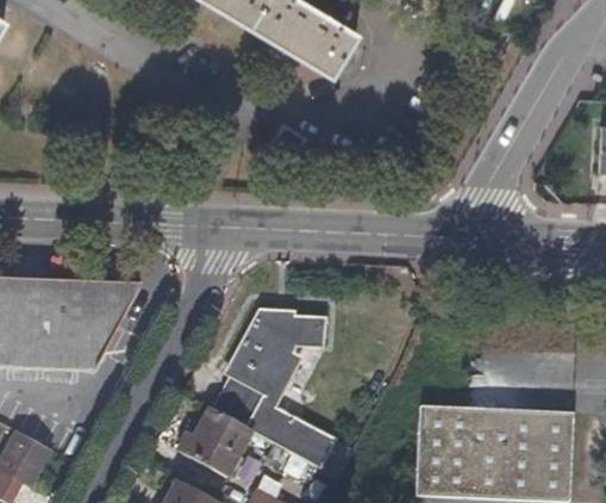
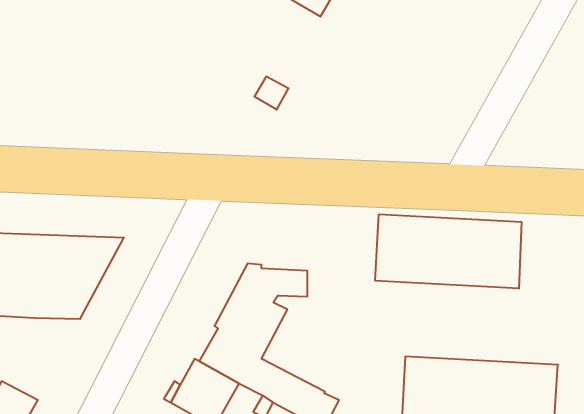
building: none -> [375,214,521,289]

